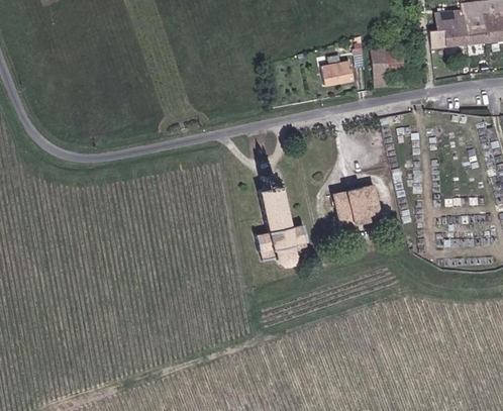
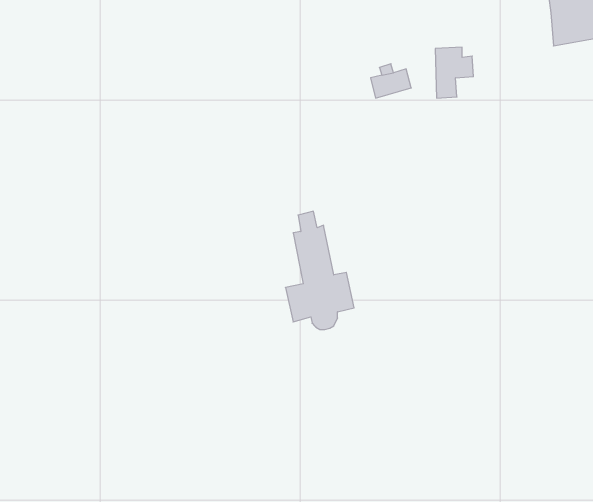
building: [437,11,469,46] -> none
building: [333,184,378,224] -> none

